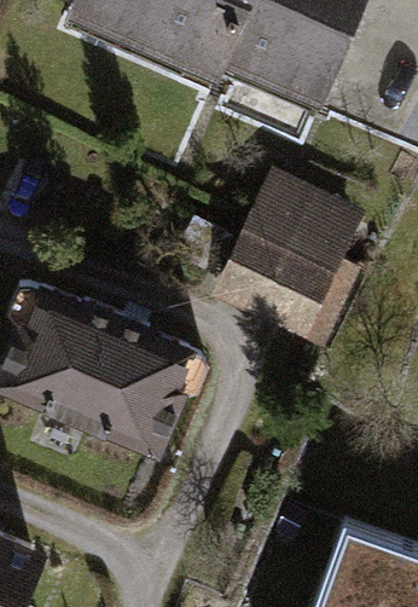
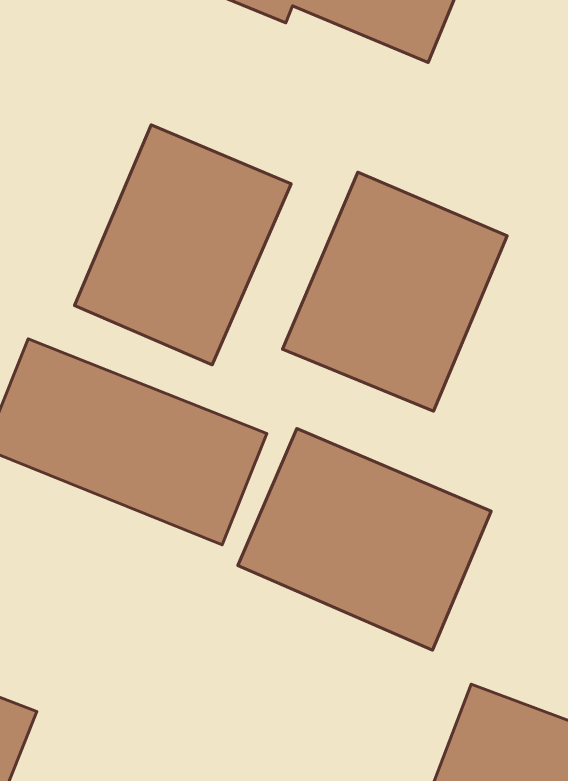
building: none -> [74,125,291,365]
building: none -> [238,429,491,650]

